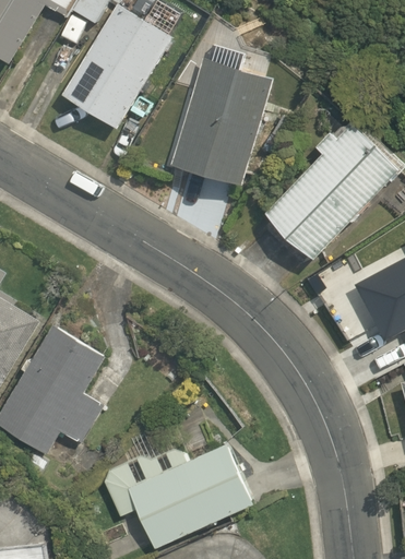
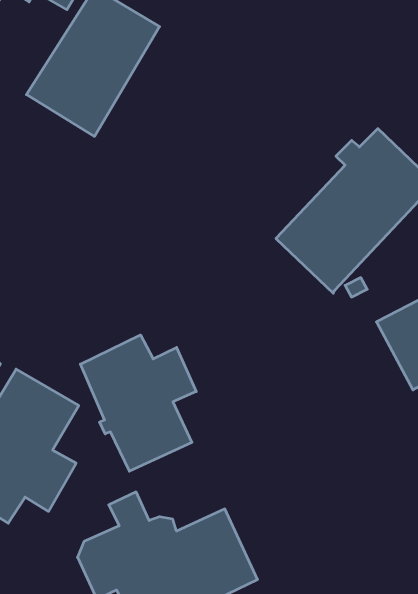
building: [170,46,270,185] -> none
building: none -> [80,335,196,471]

